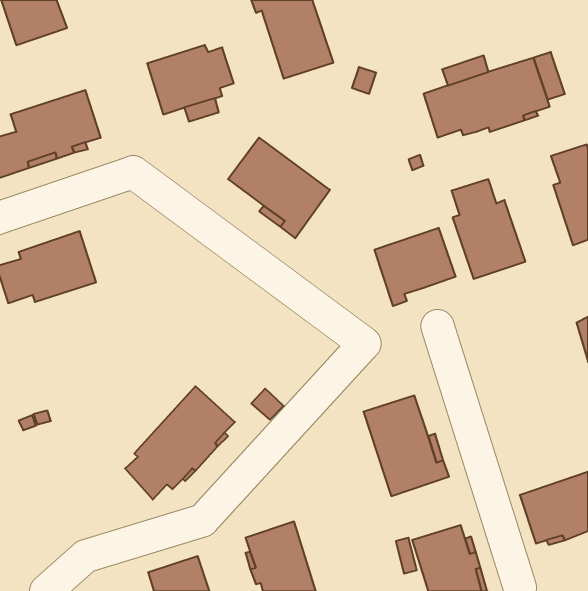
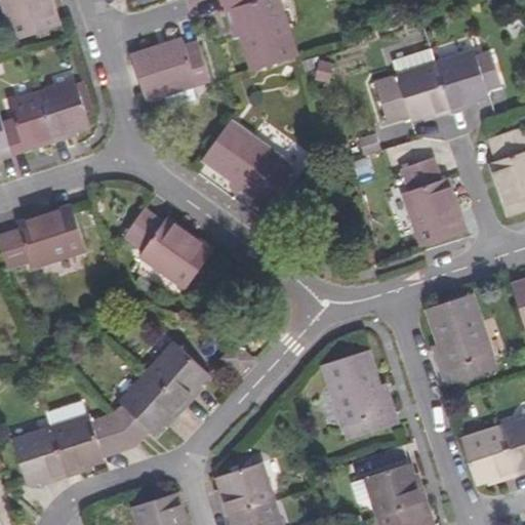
building: [375,228,456,306] -> none
building: none -> [123,209,212,289]
building: none -> [426,294,494,385]
building: none -> [11,415,135,484]

